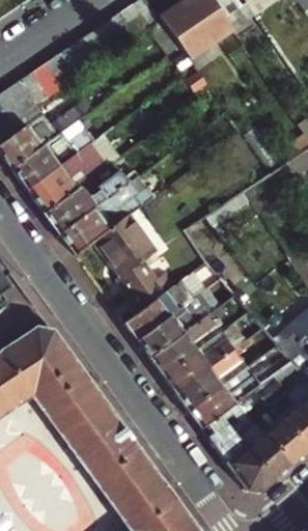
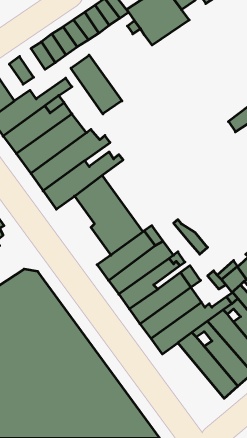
building: none -> [71,55,122,114]
building: [200,415,274,492] -> none

